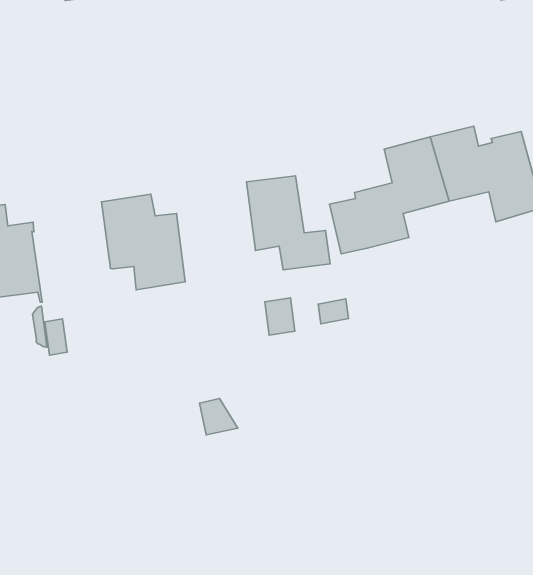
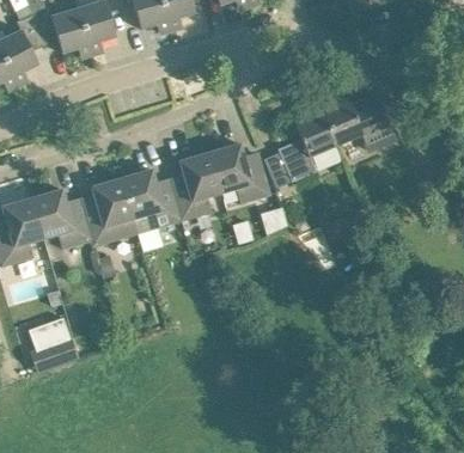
building: none -> [170,151,222,219]
building: none -> [81,177,139,245]

